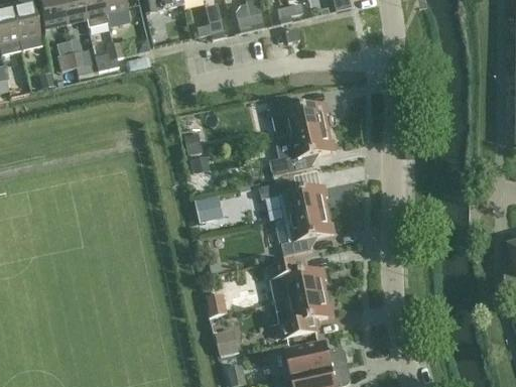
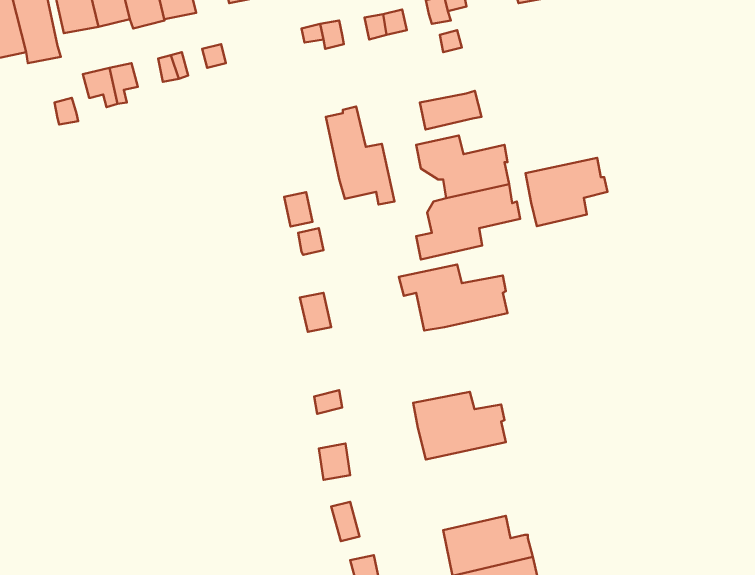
building: none -> [420,91,482,129]
building: none -> [326,107,395,204]
building: none -> [526,158,607,226]
building: [275,209,336,254] -> none
building: [276,291,335,338] -> none

